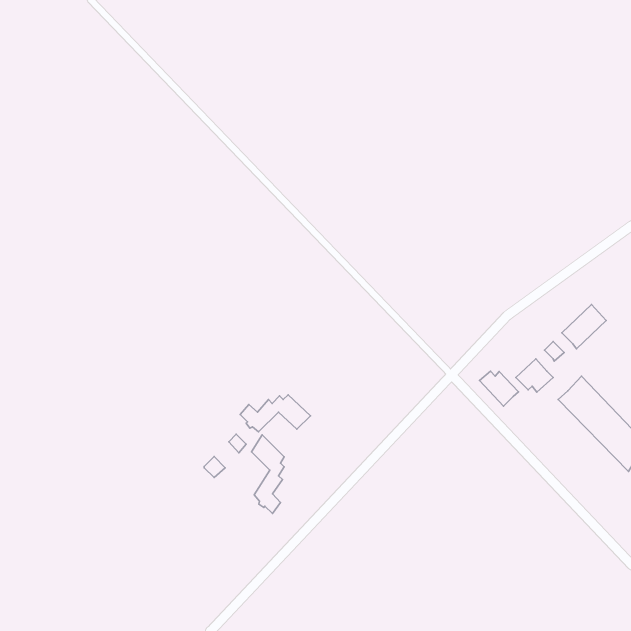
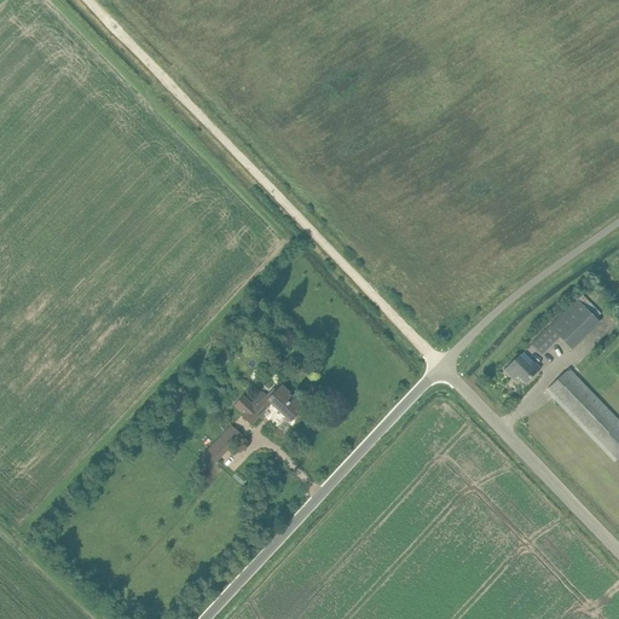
building: [480,371,519,406] -> none
building: [251,435,284,513] -> none

